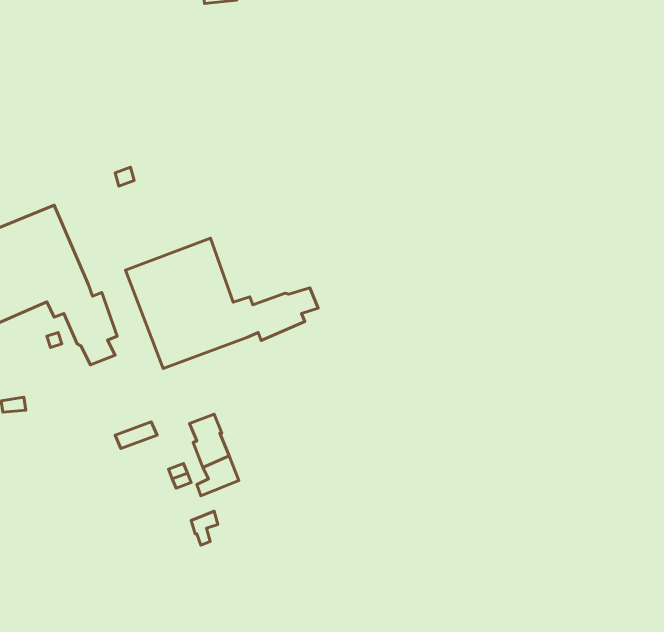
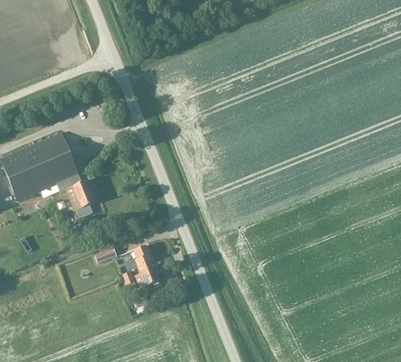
building: [125,238,318,368] -> none

